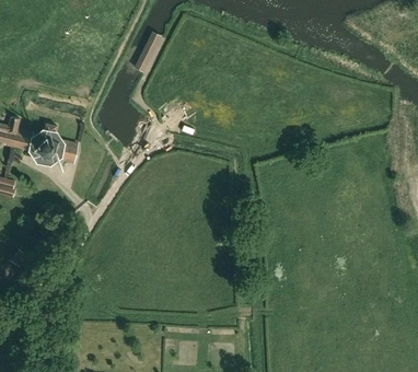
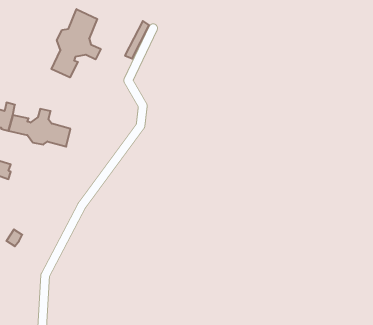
building: none -> [51,9,101,77]

